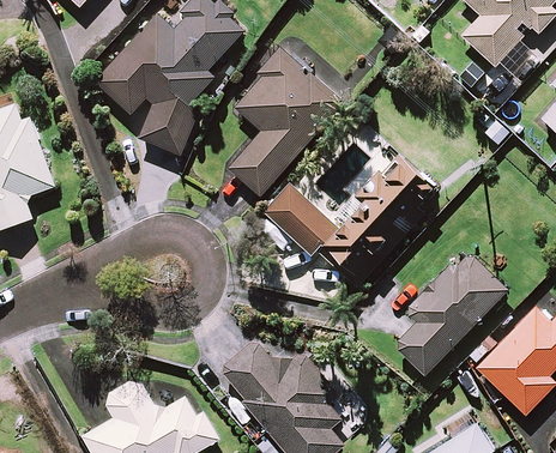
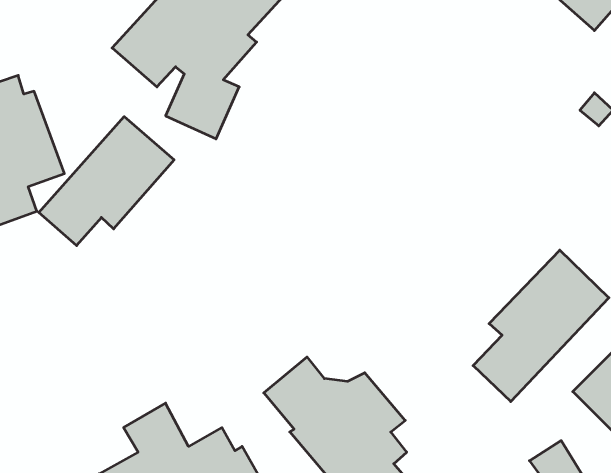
building: [228,50,342,195] -> none
building: none -> [39,117,174,246]
building: [265,158,434,288] -> none

